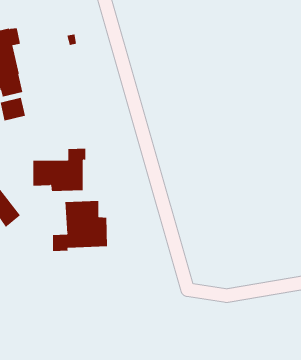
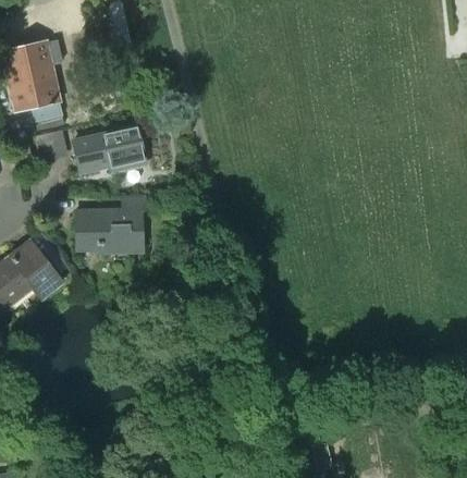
building: none -> [74,125,147,172]
building: [53,200,107,252] -> none

